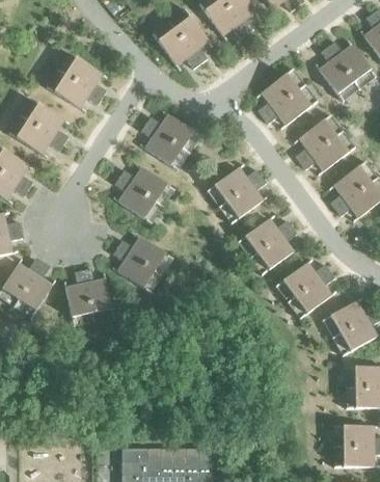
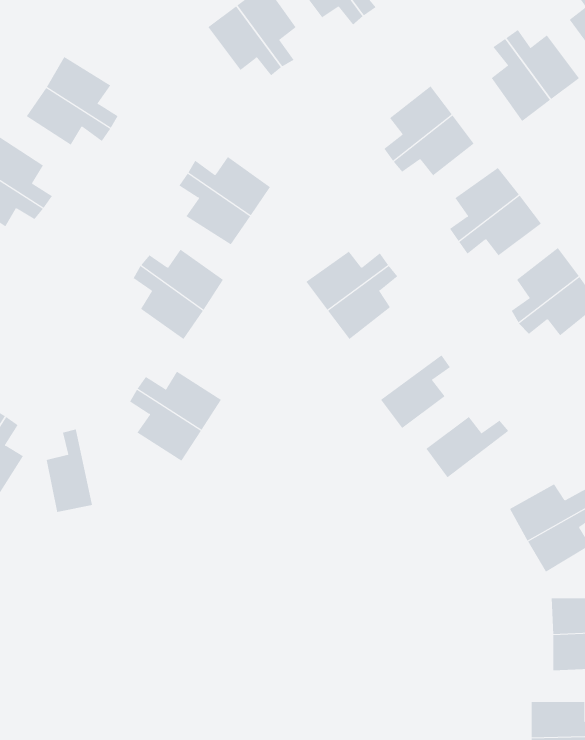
building: [243,219,291,253] -> none
building: [82,269,111,314] -> none
building: [294,271,334,314] -> none

